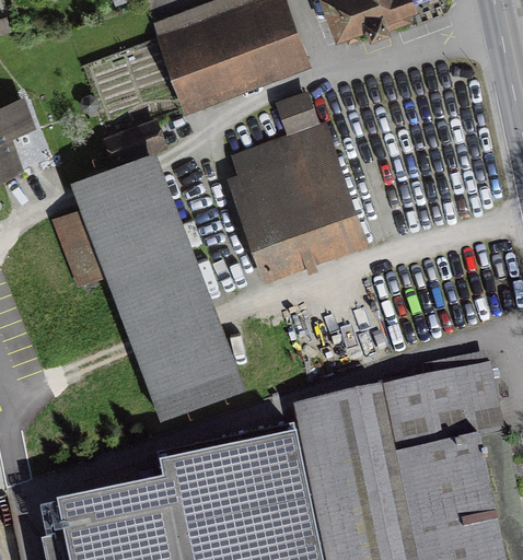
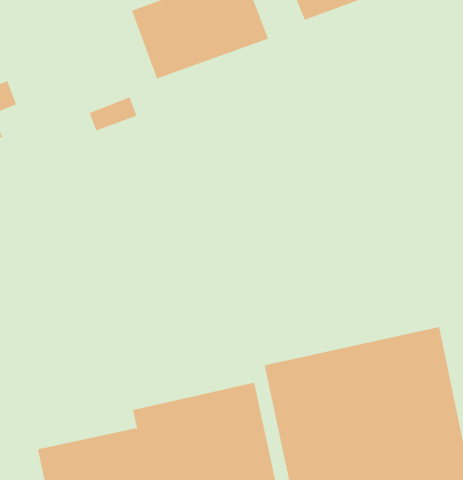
building: [229,94,358,271] -> none
building: [57,162,234,408] -> none

